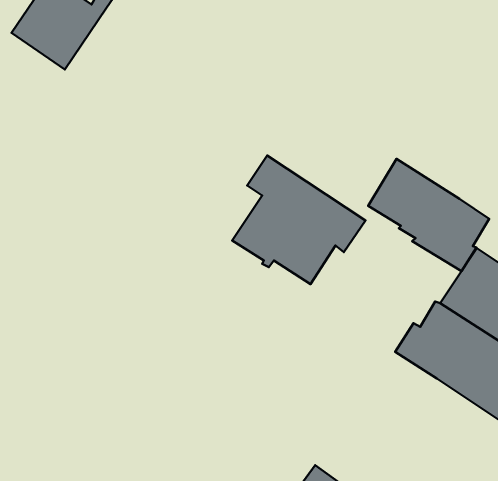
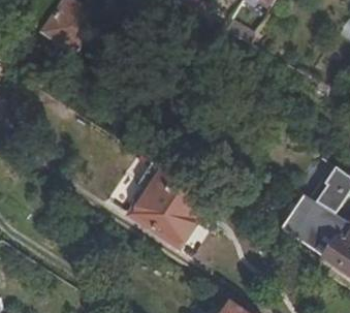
building: [232,155,366,284] -> [131,162,214,242]
building: [368,159,489,271] -> none

